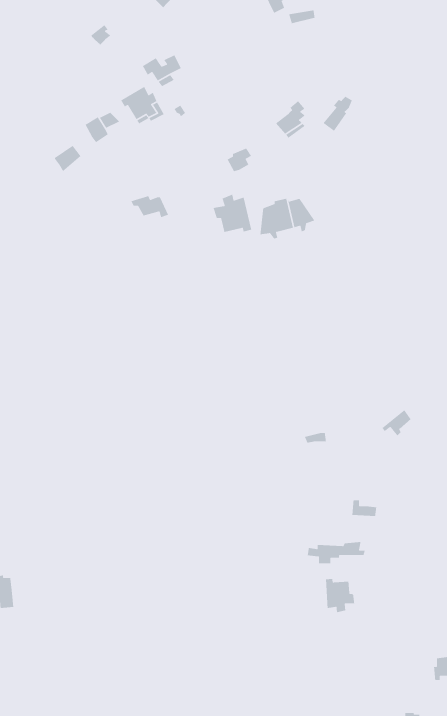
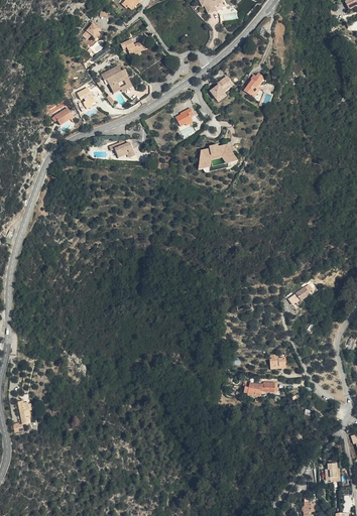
building: [213,194,252,233] -> none
building: [325,578,355,613] -> none

